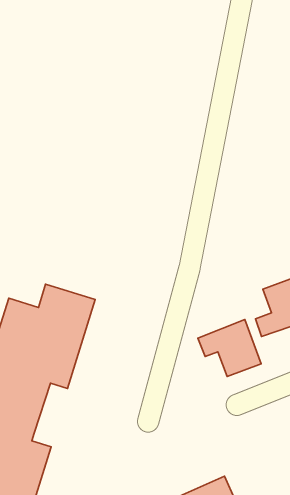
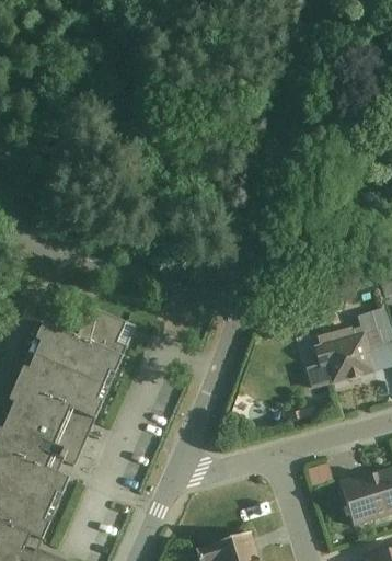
building: [198,319,261,376] -> none

